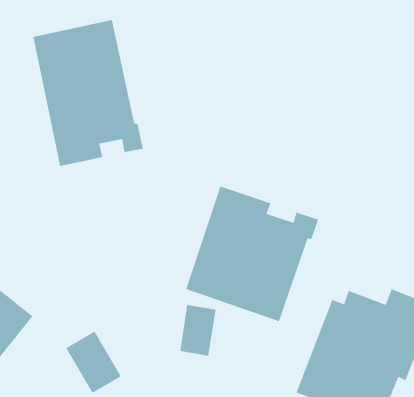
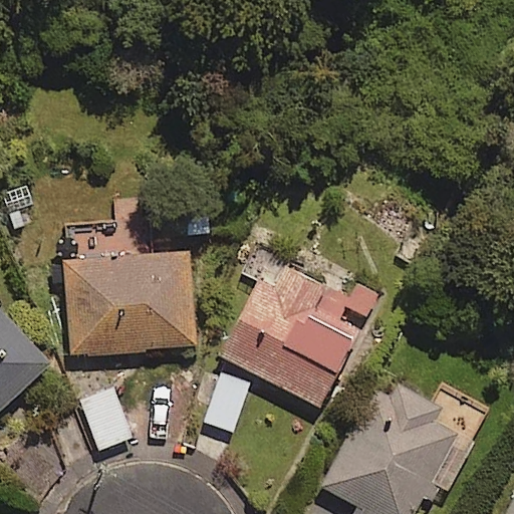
building: [32,19,144,167] -> none
building: none -> [62,251,195,354]

